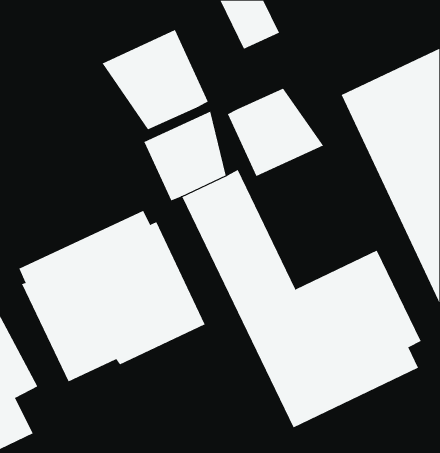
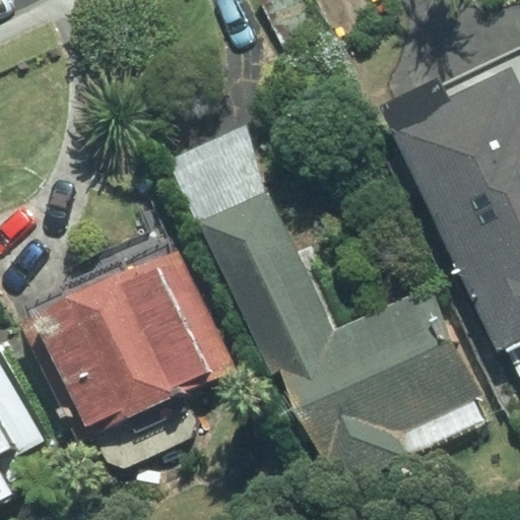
building: [102,29,209,130] -> none
building: [227,88,324,177] -> none

